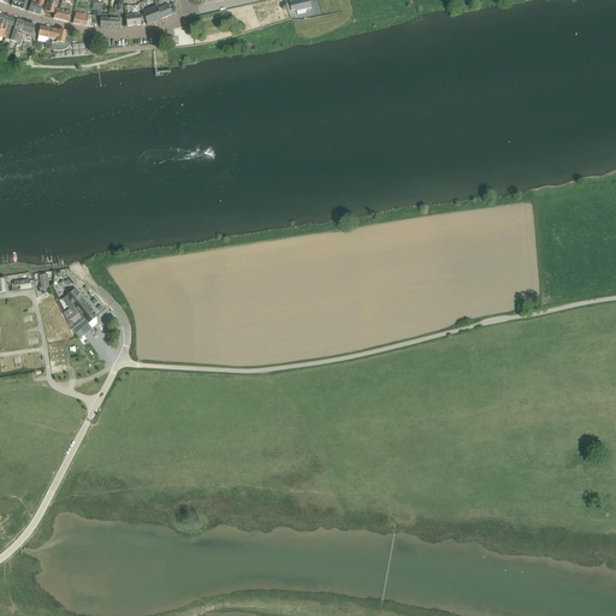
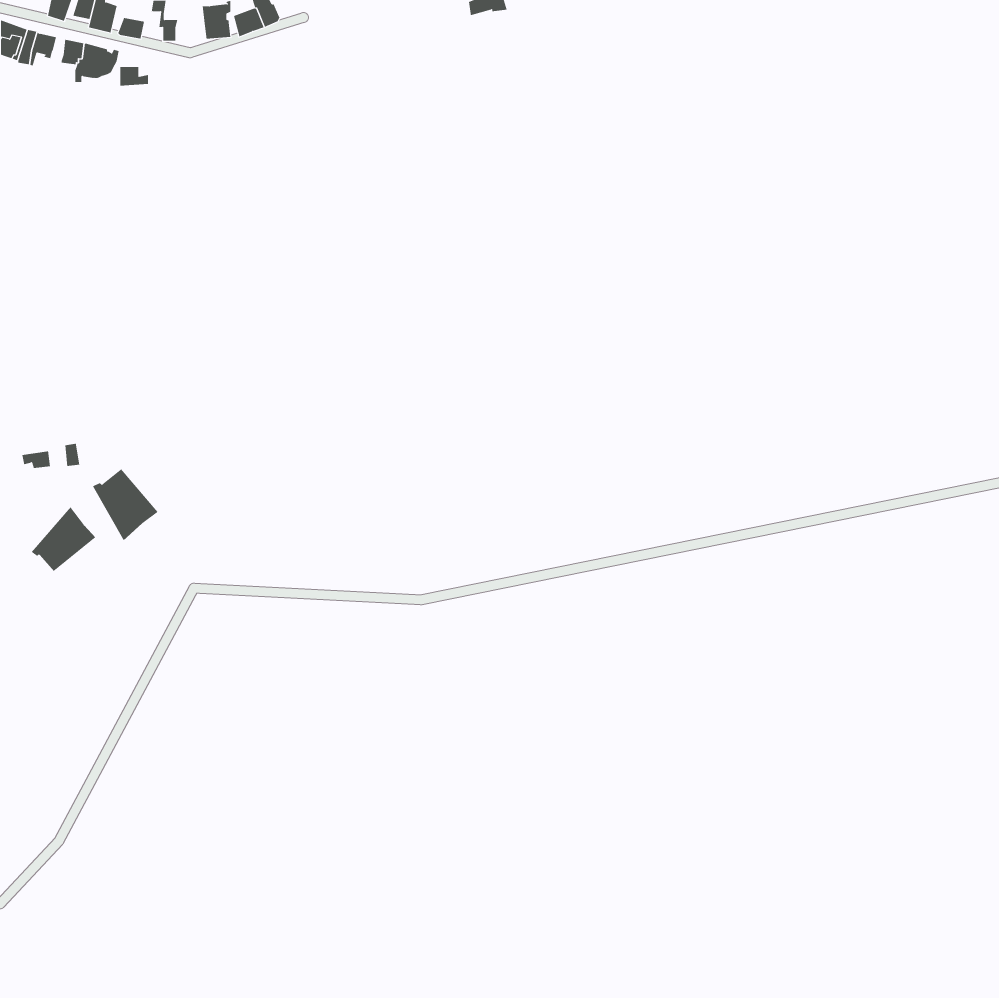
building: none -> [31,507,96,572]

